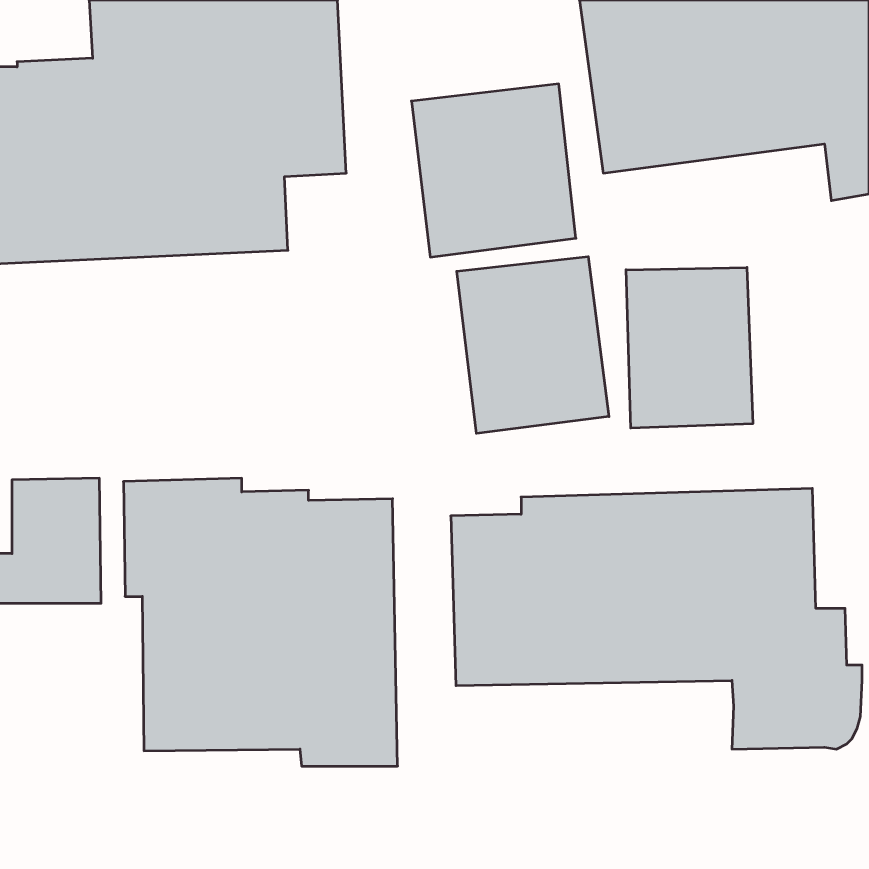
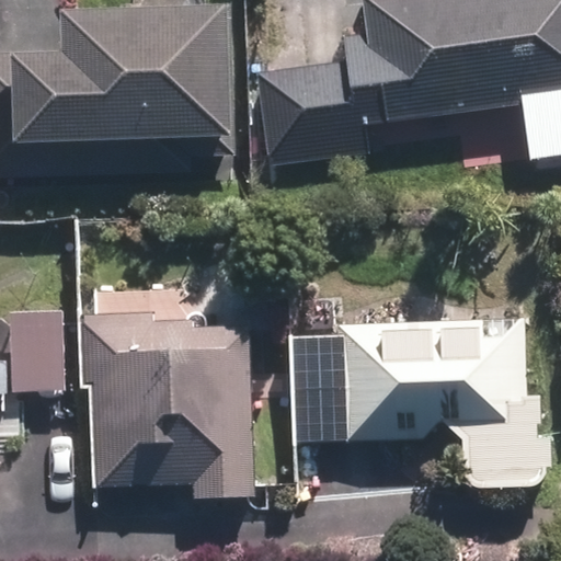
building: [457,257,609,433] -> none
building: [626,267,753,428] -> none

